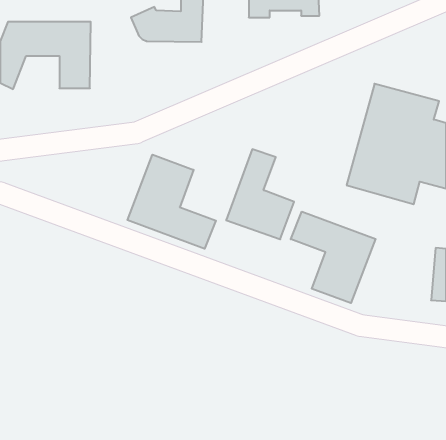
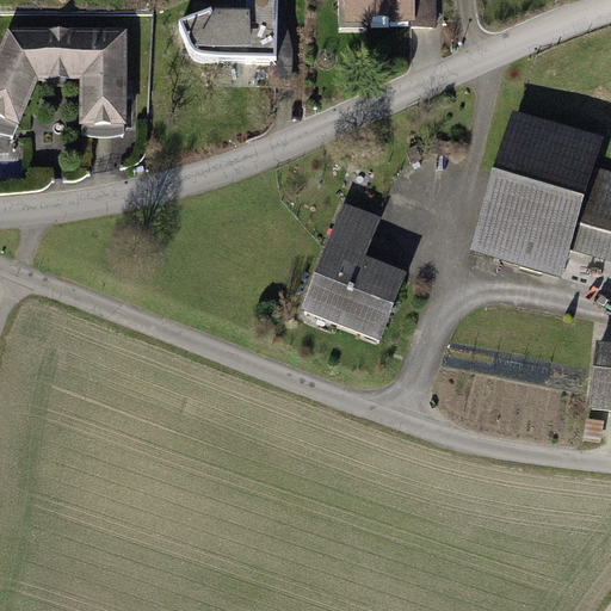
building: [127,155,216,249] -> none
building: [291,212,376,303] -> none

